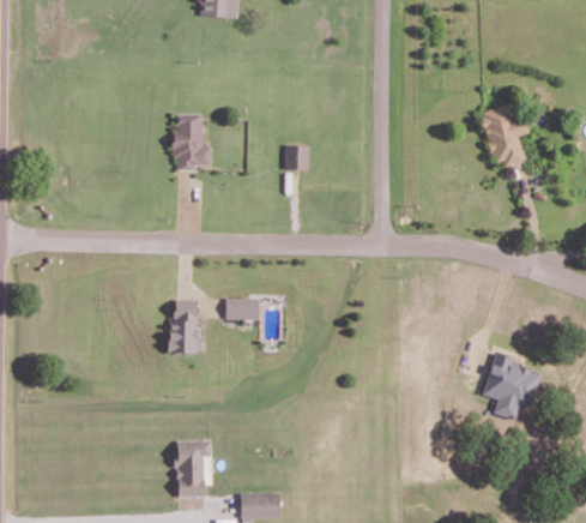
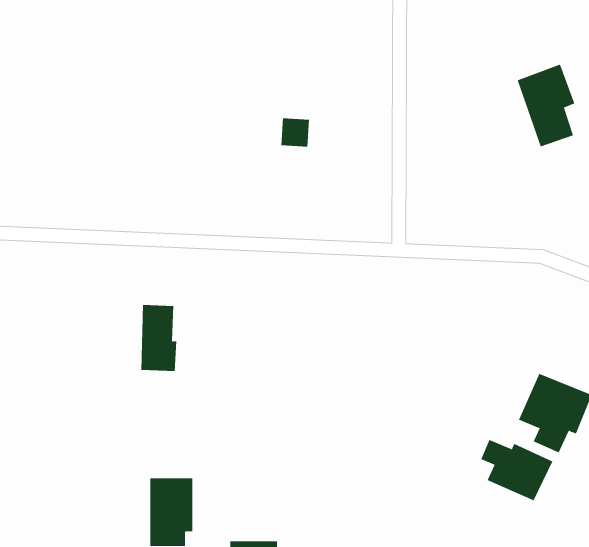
building: [173,114,211,169] -> none
building: [224,299,258,320] -> none
building: none -> [480,439,553,501]

